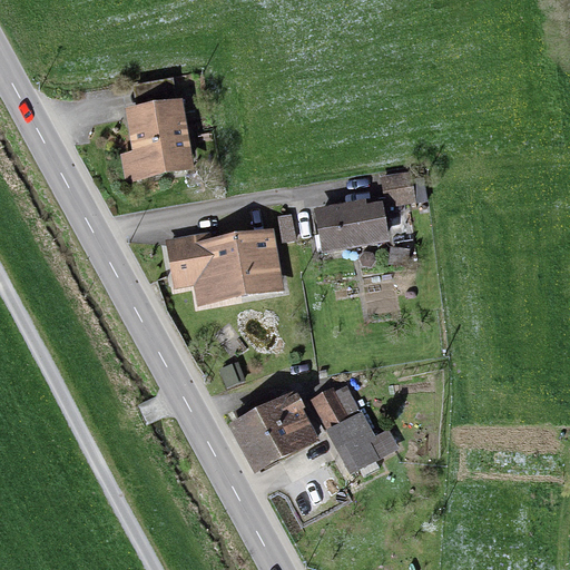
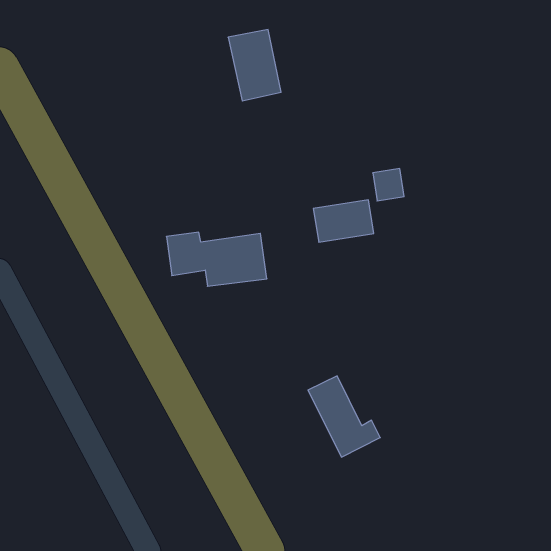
building: [131,98,186,171] -> [228,30,281,101]
building: [233,390,311,468] -> none

